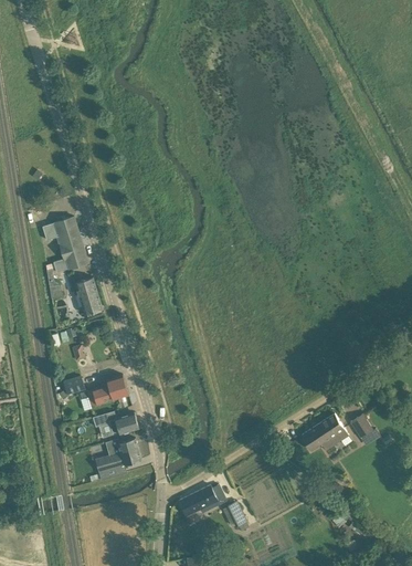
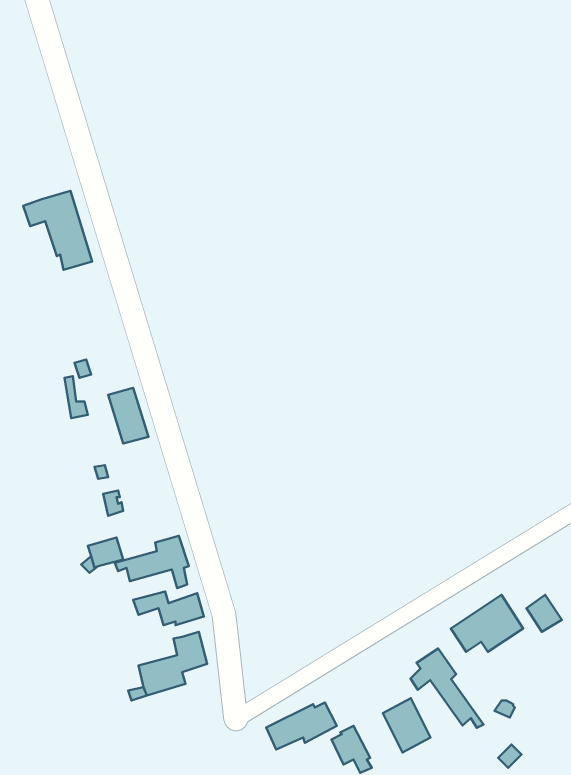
building: [42,218,87,270] -> [23,191,92,270]
building: none -> [410,649,483,728]
building: none -> [383,698,431,753]

